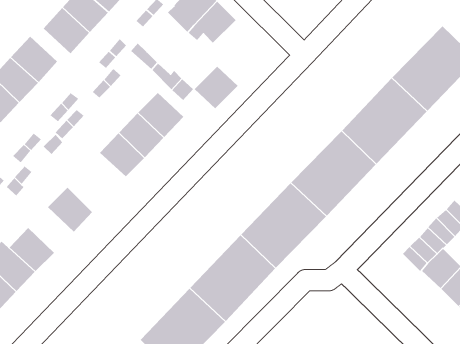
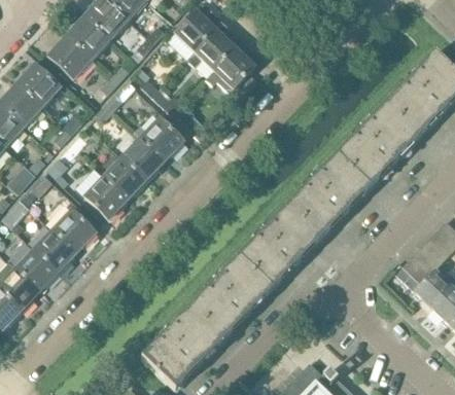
building: [194,66,238,109] -> [212,46,255,88]
building: none -> [83,175,128,219]
building: none -> [33,227,77,272]

